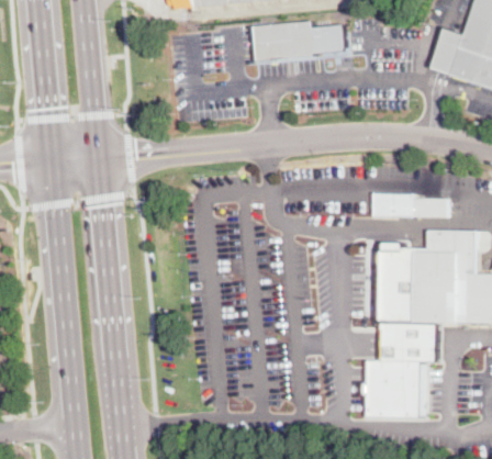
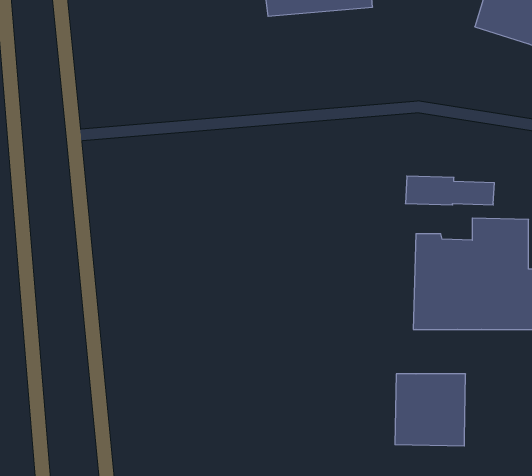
building: [382,323,437,361] -> none

